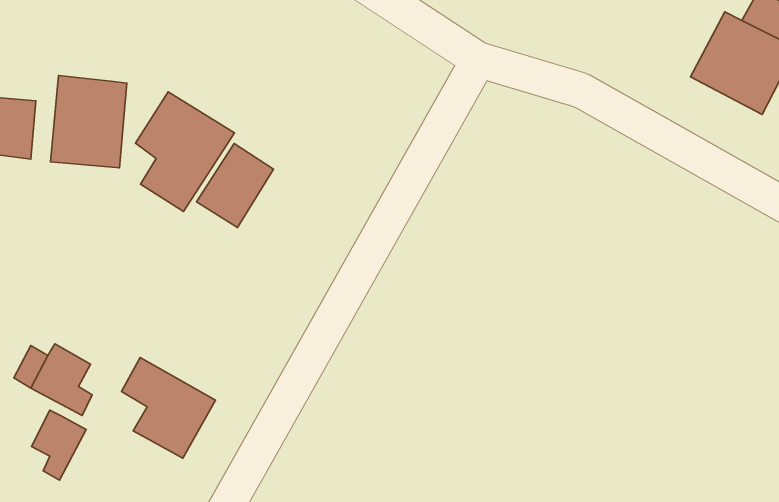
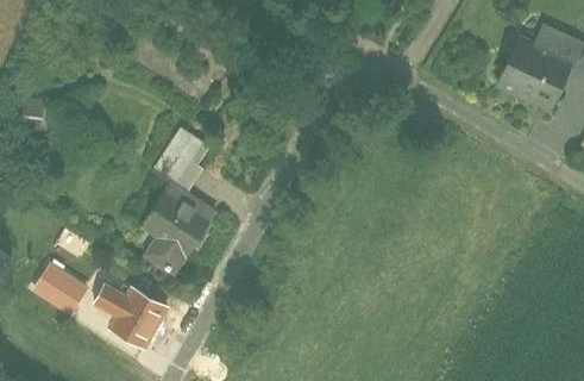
building: [50,75,127,168] -> none
building: [136,92,235,212] -> [144,189,213,273]
building: [31,410,86,480] -> none

